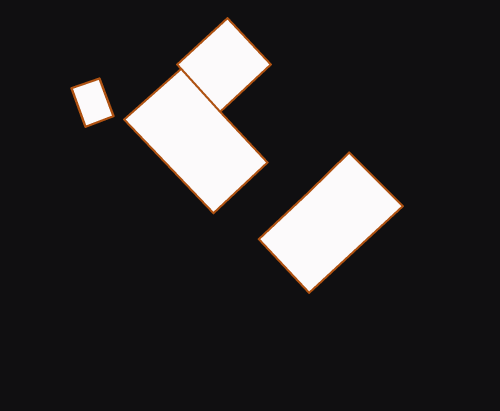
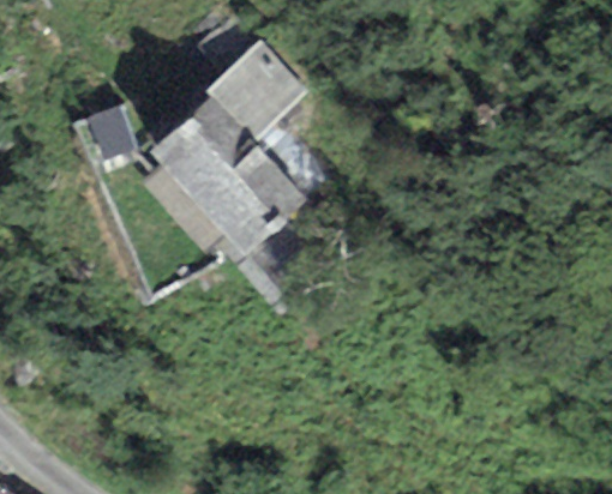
building: [259,152,403,293] -> none

